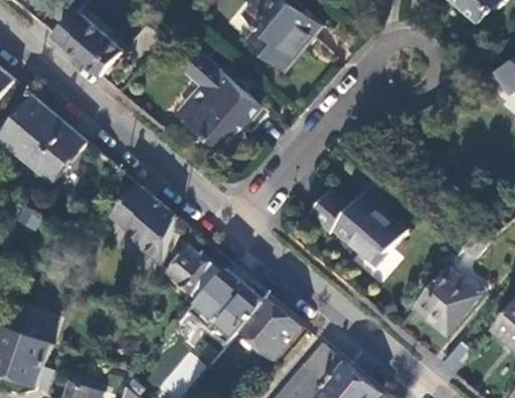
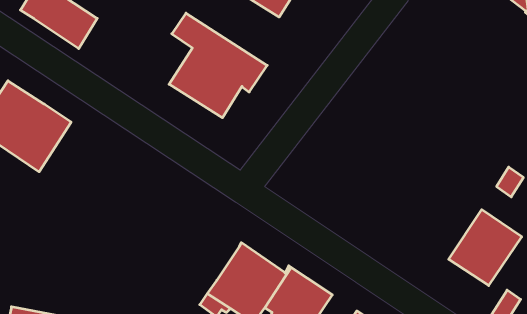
building: [111,185,175,264] -> none
building: [307,189,403,265] -> none
building: [167,249,223,301] -> none

